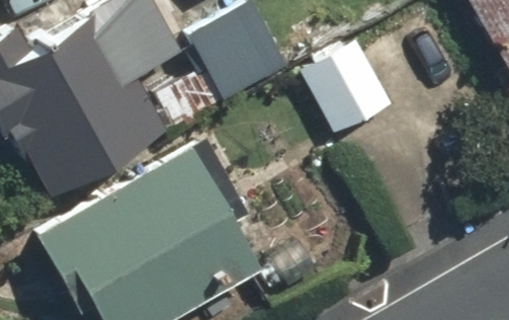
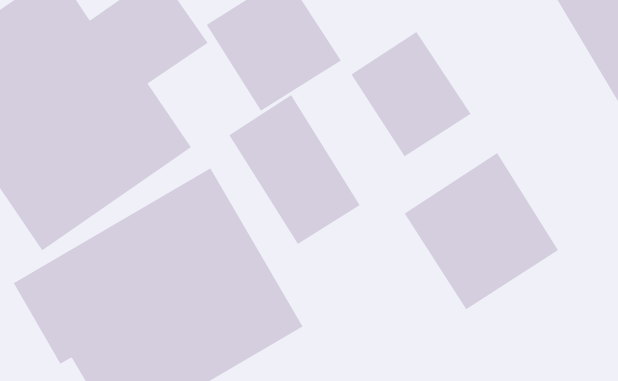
building: none -> [228,94,360,245]
building: none -> [404,152,559,310]

